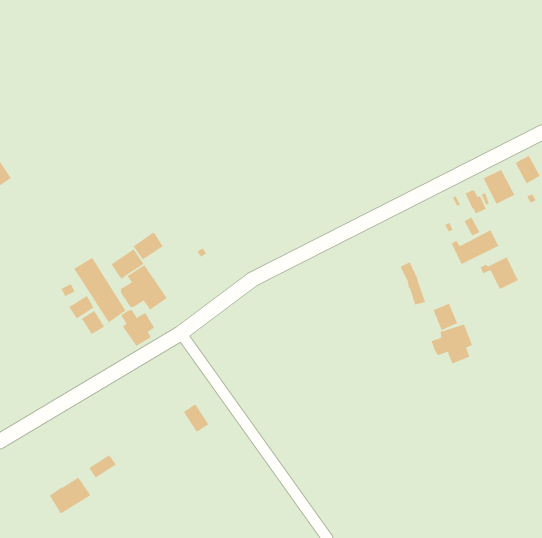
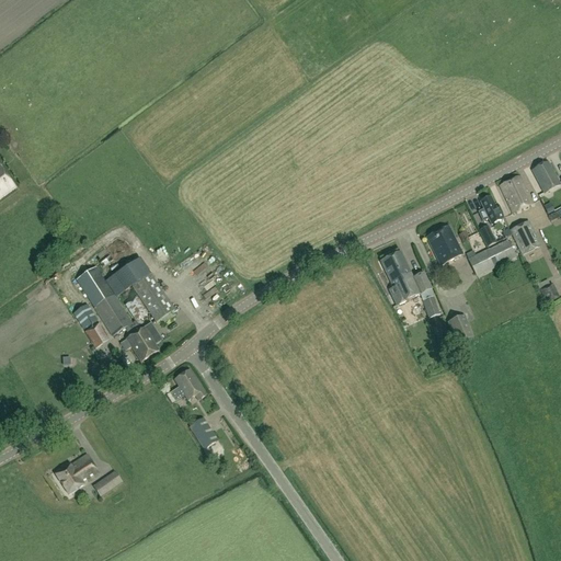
building: none -> [425,225,461,263]
building: [132,231,164,260] -> none
building: none -> [379,250,419,304]
building: [479,256,519,290] -> [500,218,540,253]
building: [431,324,473,364] -> none
building: none -> [173,368,204,398]
building: [49,476,91,515] -> [55,453,99,492]

